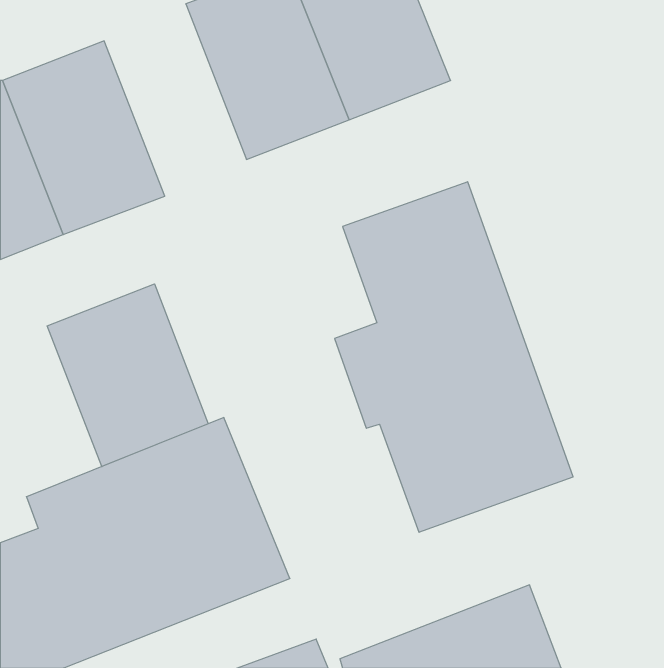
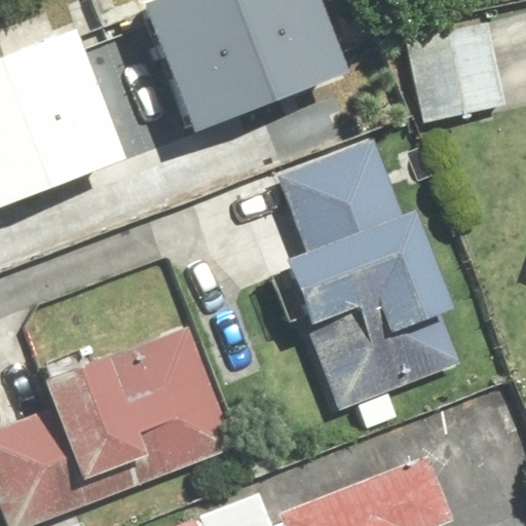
building: none -> [401,18,504,126]
building: [47,284,208,467] -> none

